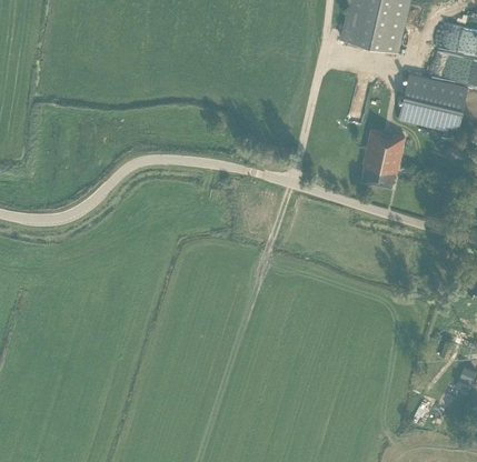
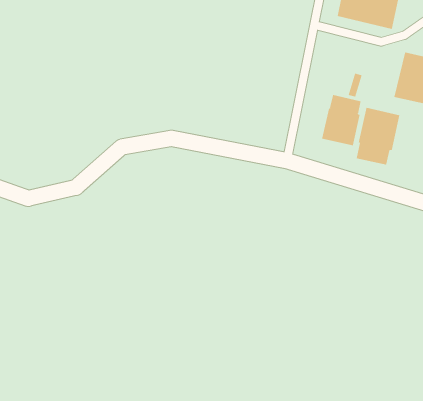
building: none -> [321,94,361,146]

